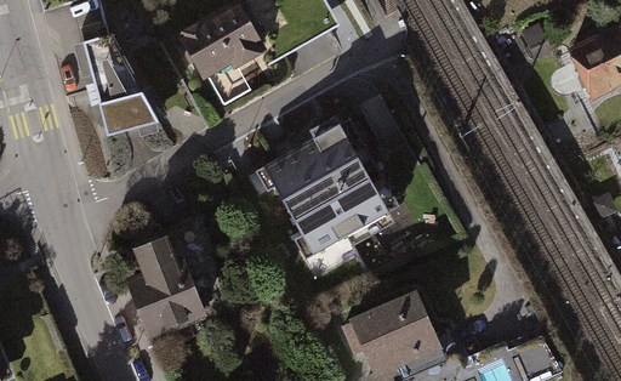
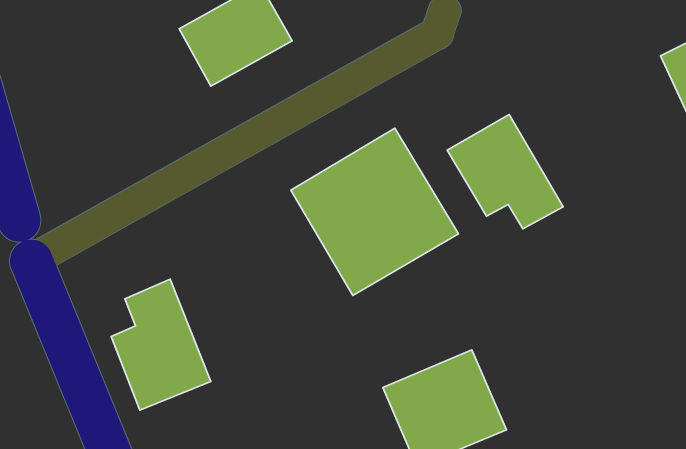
building: [80,35,155,133] -> none
building: none -> [447,114,563,229]

